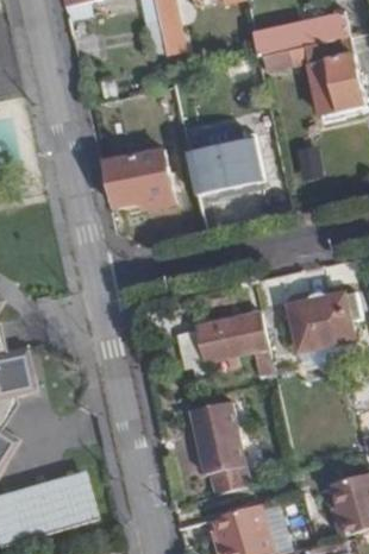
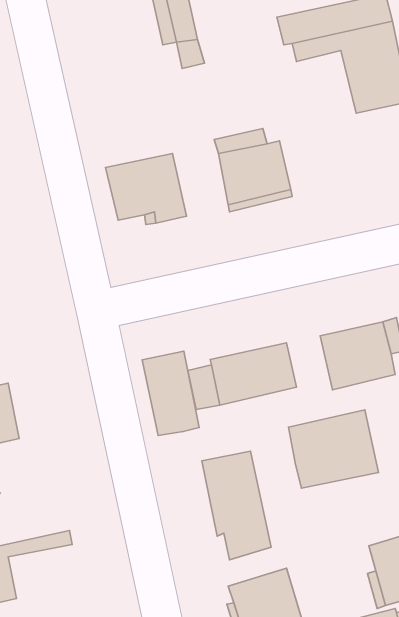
building: none -> [142,351,199,436]
building: none -> [289,410,379,488]
building: [23,483,85,529] -> none

